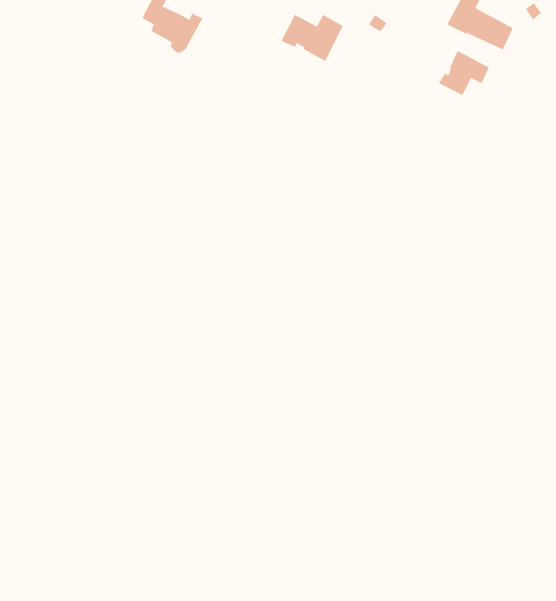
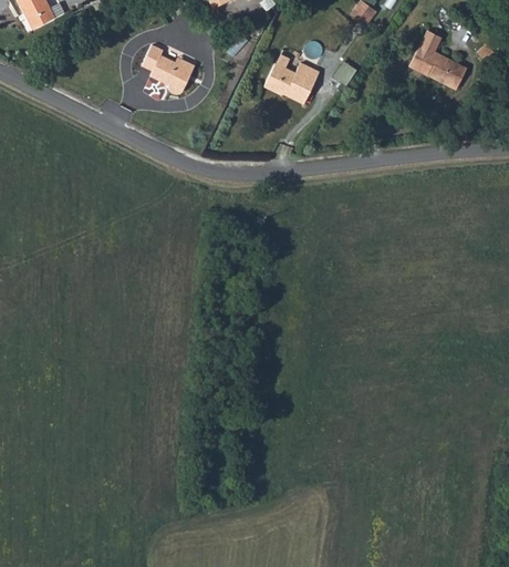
building: [438,50,490,96] -> none

